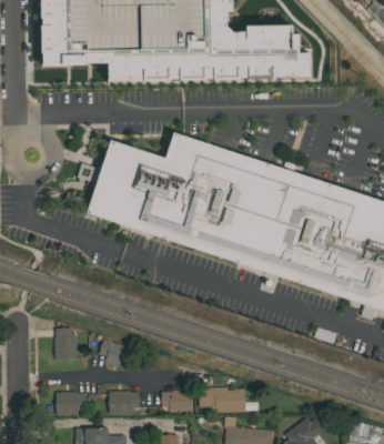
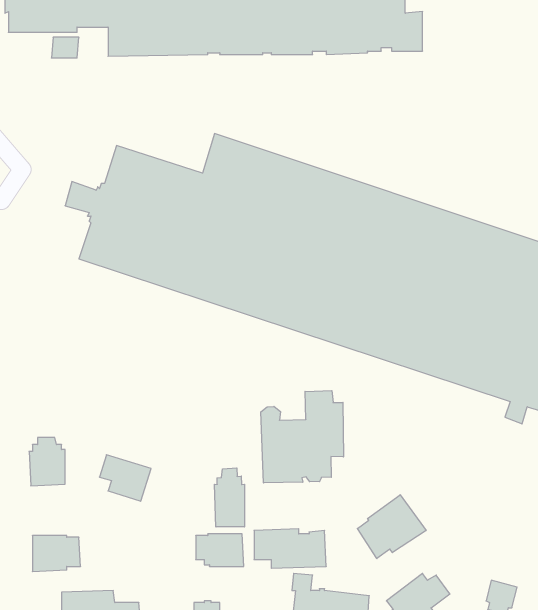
building: none -> [261,391,343,483]
building: none -> [214,468,244,527]
building: none -> [357,495,426,559]
building: [109,390,140,413] -> none

